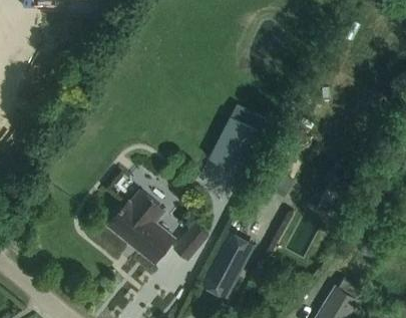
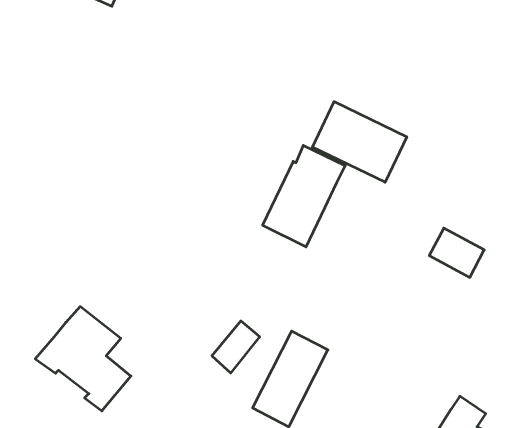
building: none -> [312,102,407,182]
building: [108,190,174,262] -> [35,307,131,411]

